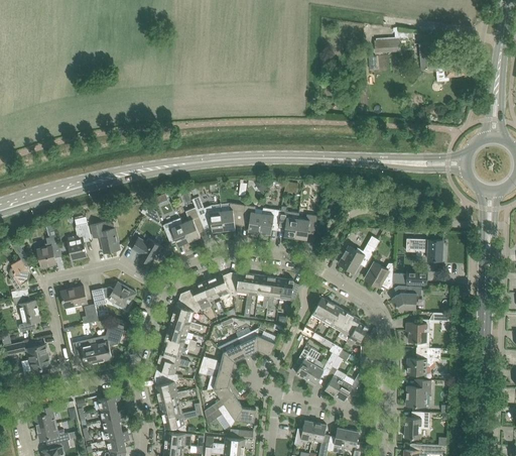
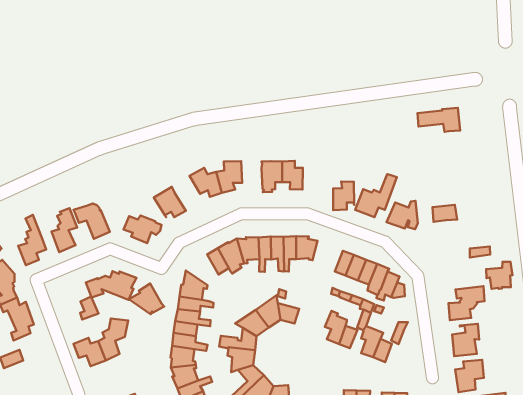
building: [242,205,262,232] -> none
building: [181,208,204,241] -> none
building: [294,214,316,239] -> [333,182,354,210]
building: [405,239,442,260] -> [417,108,460,132]
building: [180,282,211,310] -> [129,283,164,314]
building: [60,287,87,308] -> none
building: [391,287,420,312] -> none
building: [405,319,428,342] -> [486,262,512,289]
building: [26,345,50,371] -> none

